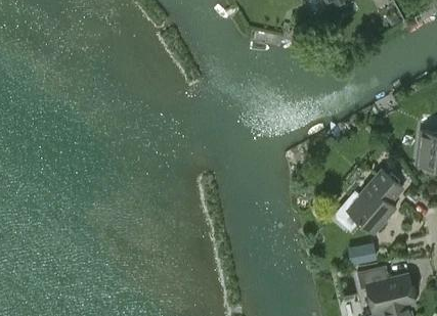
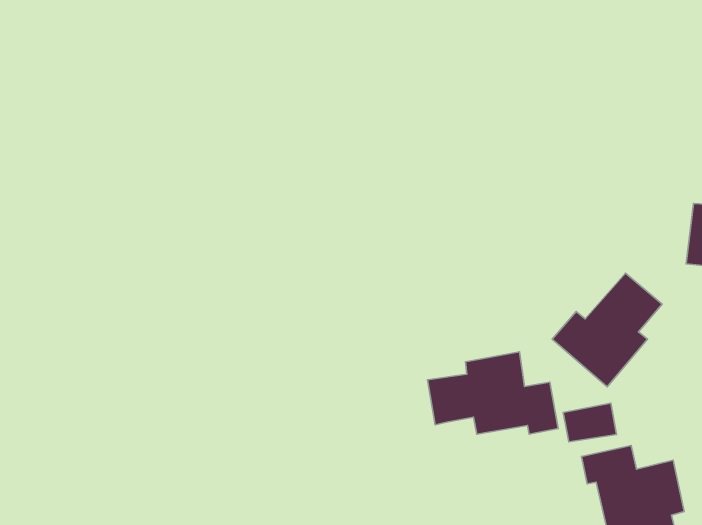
building: none -> [428,352,558,434]

